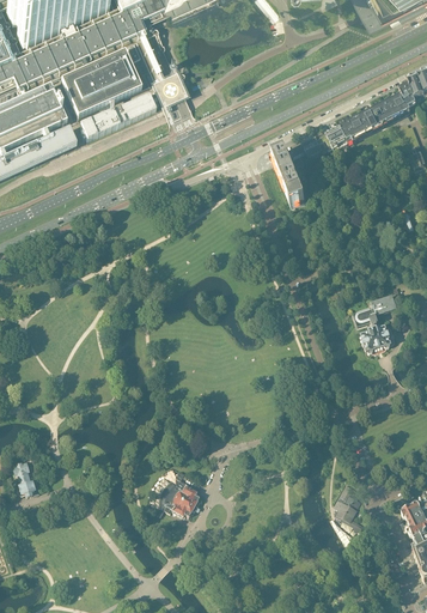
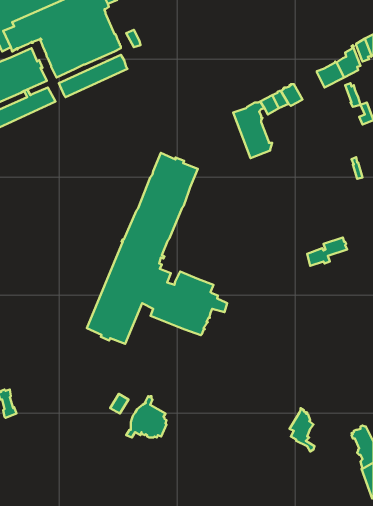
building: [338,110,372,140] -> none
building: none -> [87,153,227,344]
building: [360,322,395,350] -> none

